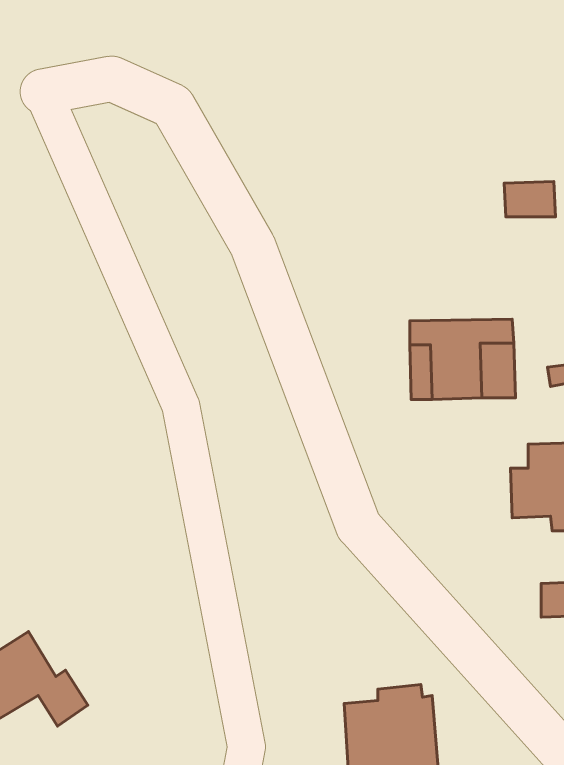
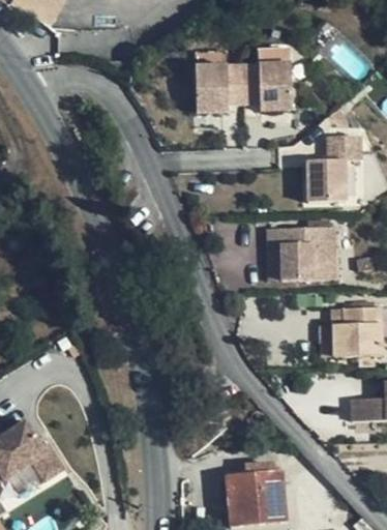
building: none -> [196,62,293,112]
building: none -> [308,159,346,199]

